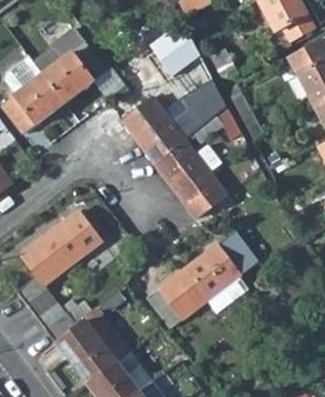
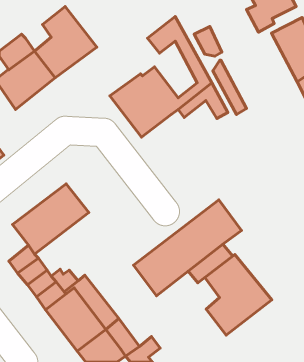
building: [154,140,226,217] -> none
building: none -> [205,254,272,335]

